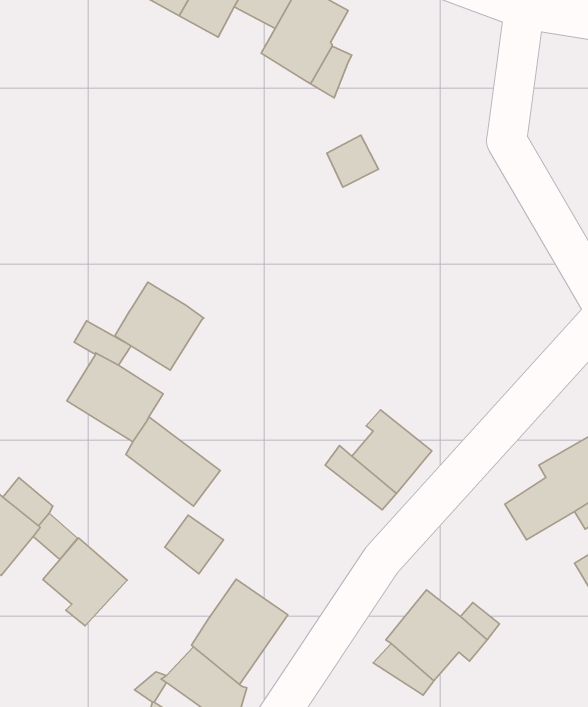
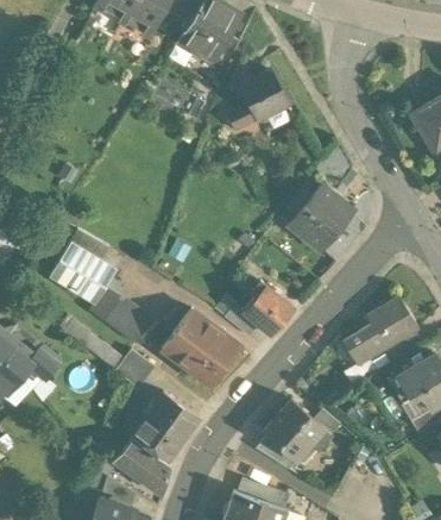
building: none -> [240,70,286,120]
building: none -> [289,187,351,250]
building: [115,282,204,370] -> none
building: none -> [162,309,239,386]
building: [43,538,127,626] -> none

